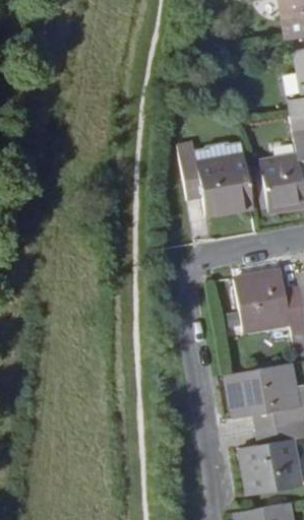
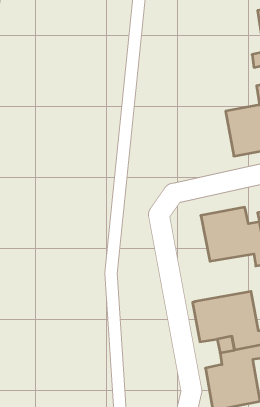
building: [178,149,253,215] -> none

